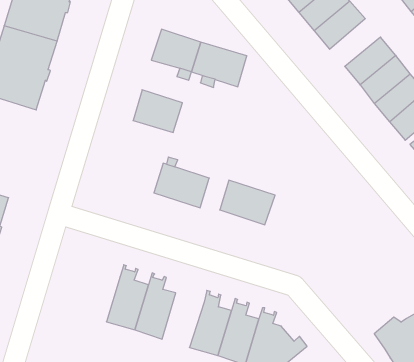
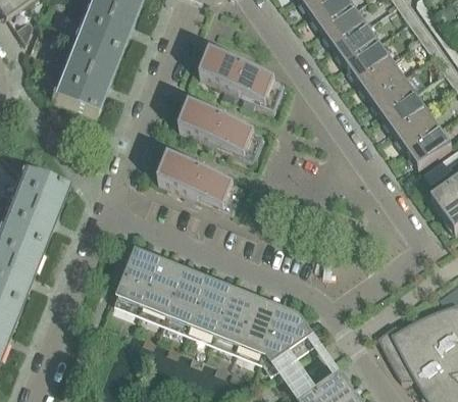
building: none -> [359,57,405,98]
building: none -> [159,157,204,196]
building: [220,180,275,225] -> [215,118,265,160]
building: none -> [119,248,158,306]
building: none -> [191,277,231,335]

